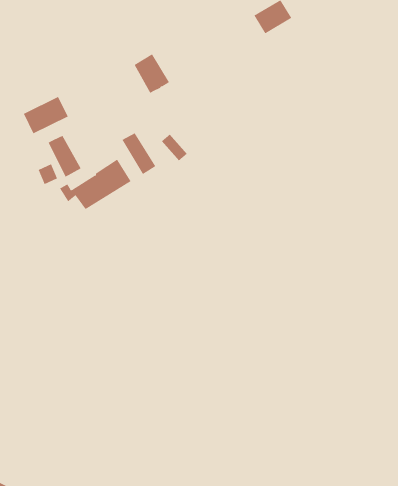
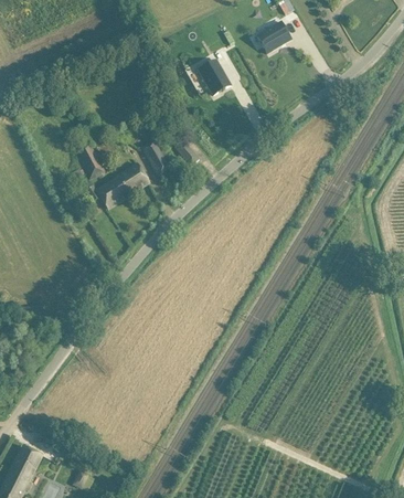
building: [134,54,170,93] -> [199,59,231,94]
building: [23,96,68,134] -> none

